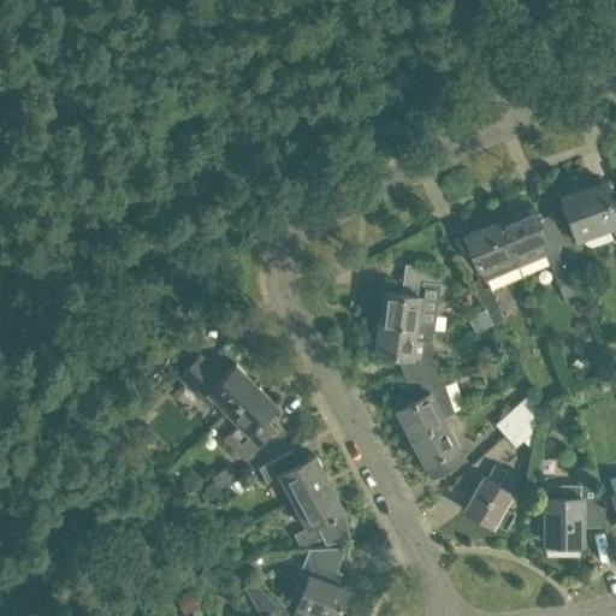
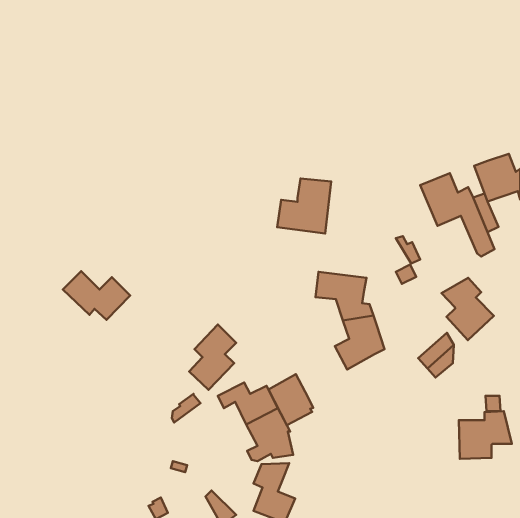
building: [462,221,517,284] -> none
building: [377,266,440,331] -> [277,178,331,233]
building: none -> [441,278,494,340]
building: [178,357,257,415] -> [63,271,130,320]
building: [410,421,463,481] -> [269,374,313,425]
building: [466,468,514,528] -> none

